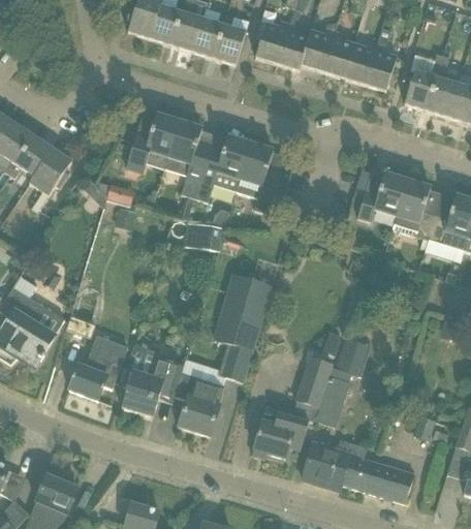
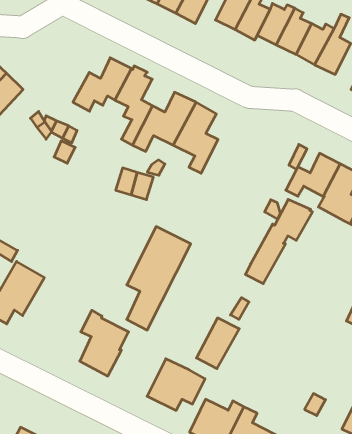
building: [315,337,372,427] -> [245,199,312,284]
building: [120,346,183,417] -> none

